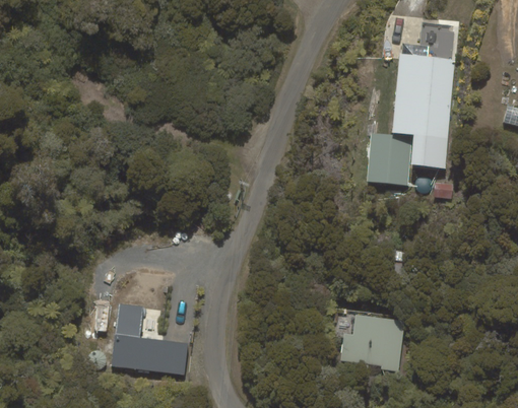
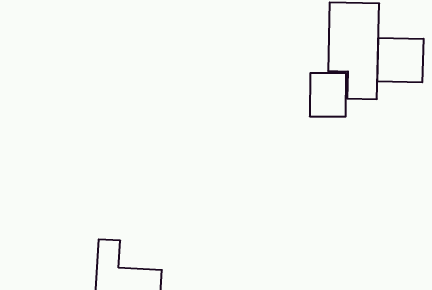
building: none -> [377,38,424,82]
building: [339,314,403,367] -> none

